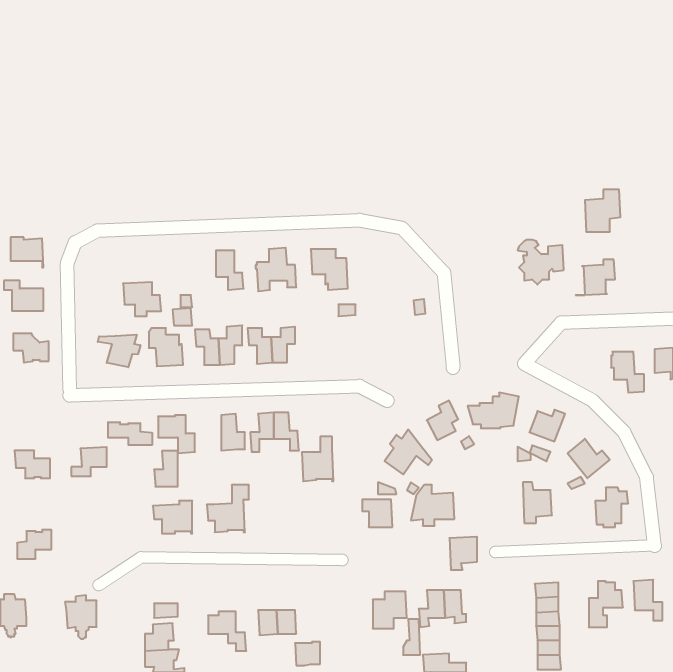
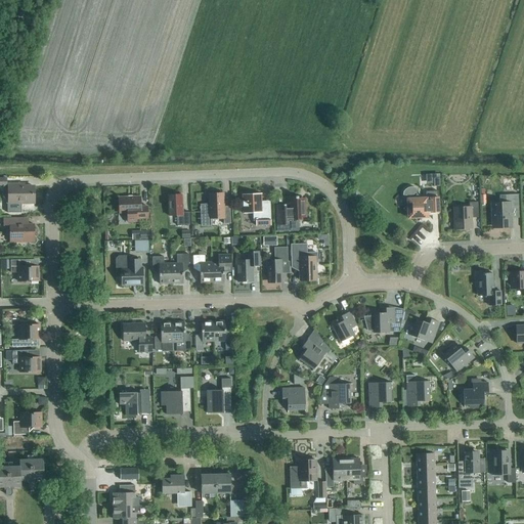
building: [585,190,620,232] -> [491,194,519,227]
building: none -> [275,195,305,231]
building: [123,282,161,316] -> [118,195,147,222]
building: none -> [291,244,317,279]
building: none -> [265,247,287,280]
building: none -> [236,251,260,281]
building: [98,335,140,367] -> none
building: [108,422,152,445] -> none
building: [302,437,333,481] -> [207,378,231,412]
building: [71,447,107,476] -> [11,323,39,346]
building: [154,451,178,487] -> [154,322,172,350]
building: [449,537,477,570] -> [368,382,390,407]
building: [65,595,97,639] -> [18,454,43,488]

